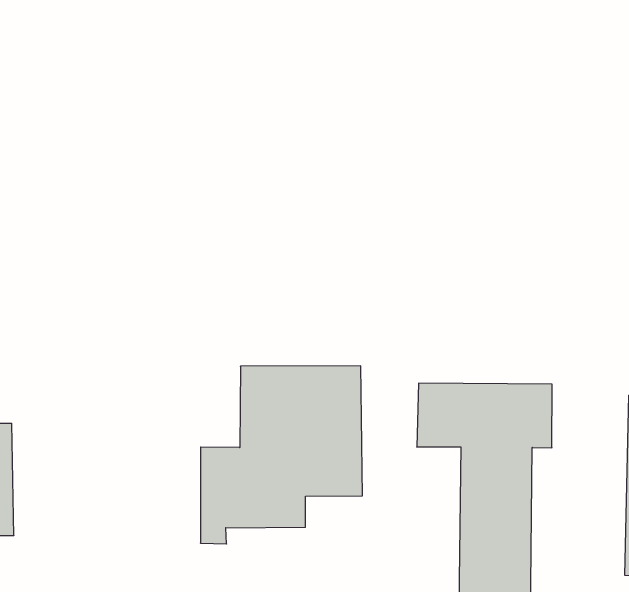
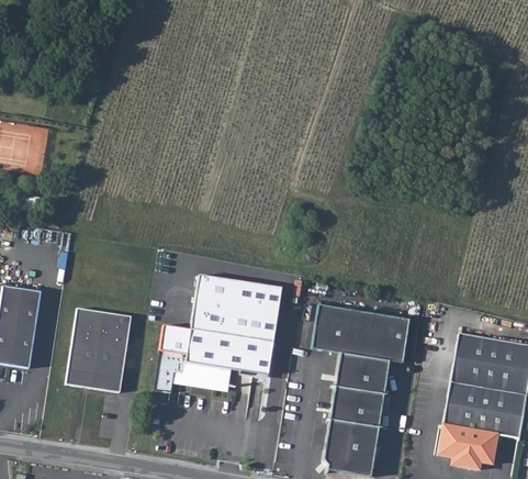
building: none -> [67,307,133,391]

